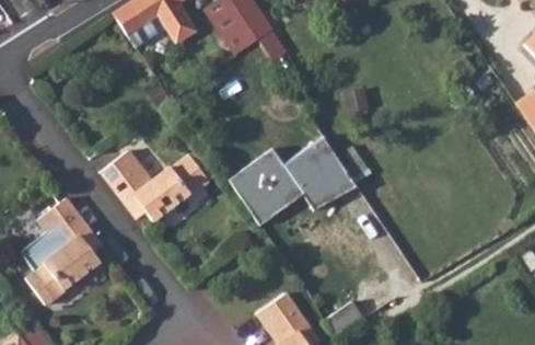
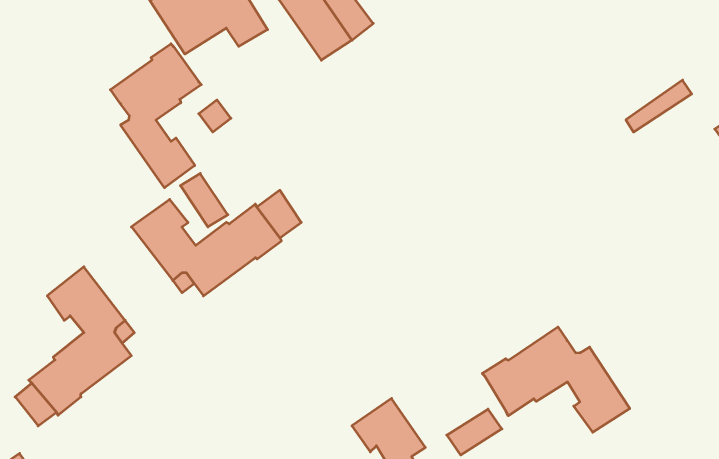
building: none -> [110,44,201,188]
building: [229,140,353,227] -> none
building: none -> [482,327,630,432]

